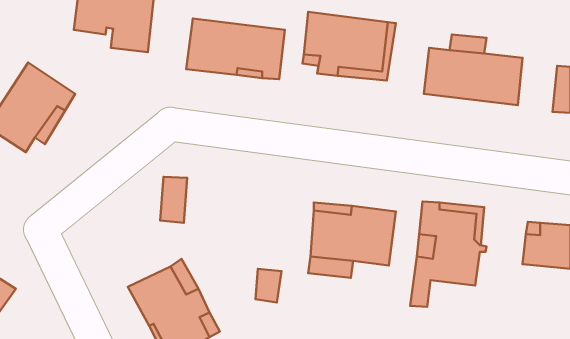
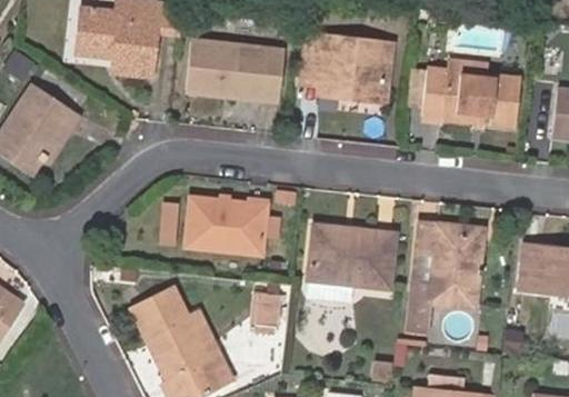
building: none -> [188,199,268,255]

